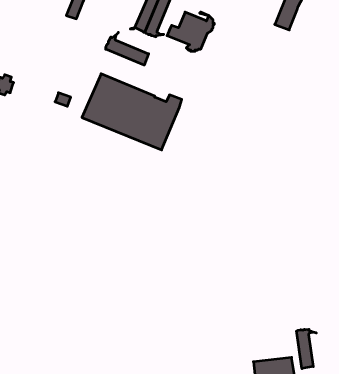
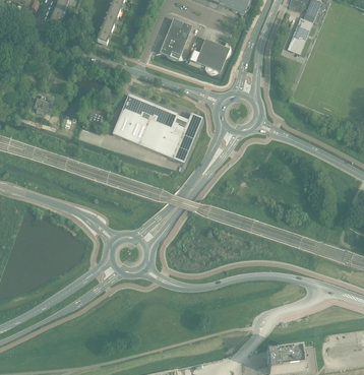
building: [106,32,149,65] -> none
building: [297,329,316,369] -> none

